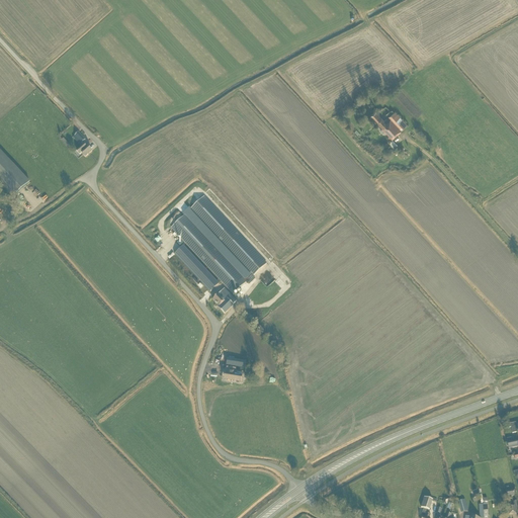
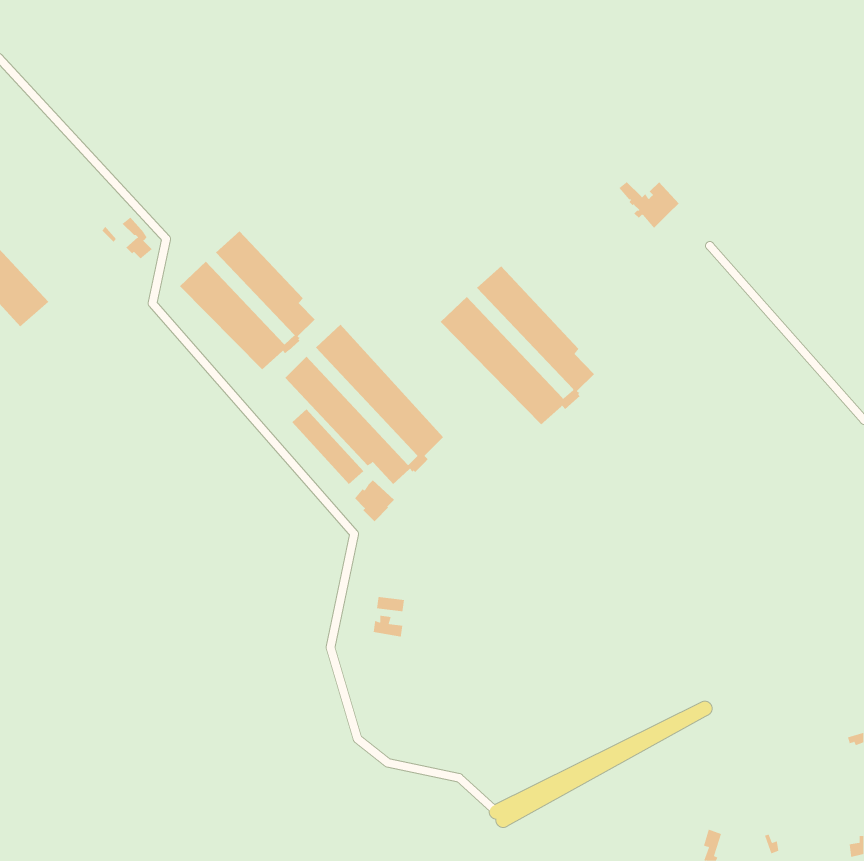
building: none -> [179,230,315,370]
building: none -> [440,266,595,425]

